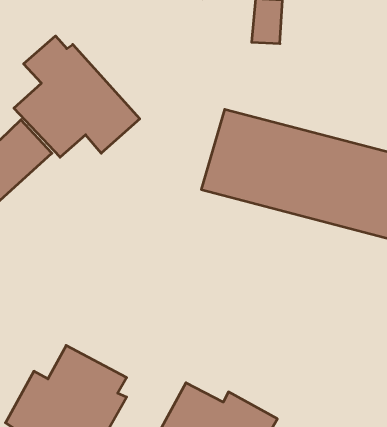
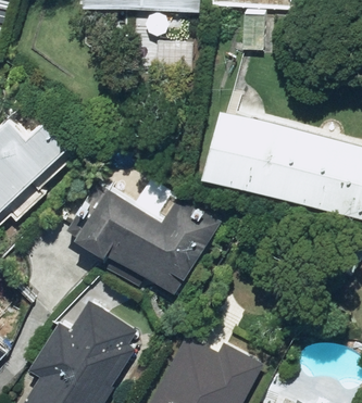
building: [14,36,140,157] -> none
building: none -> [74,182,222,295]

